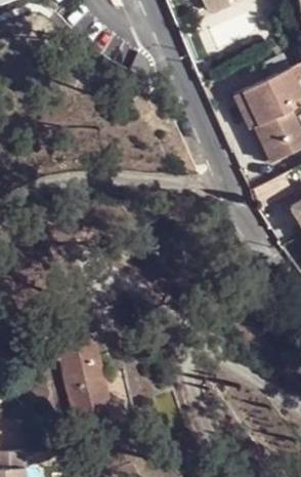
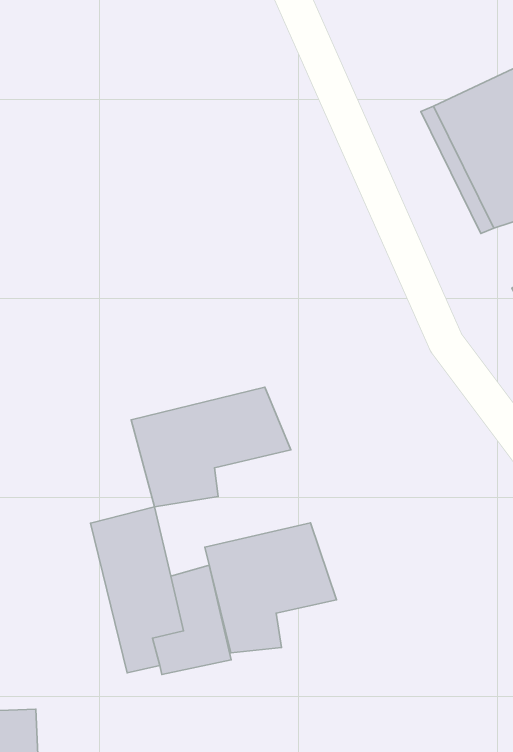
building: none -> [131,387,291,507]
building: none -> [205,523,337,653]

